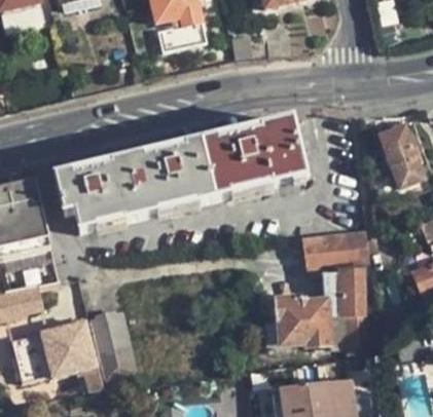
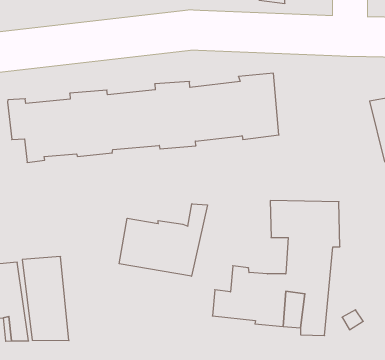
building: none -> [119,204,207,276]

